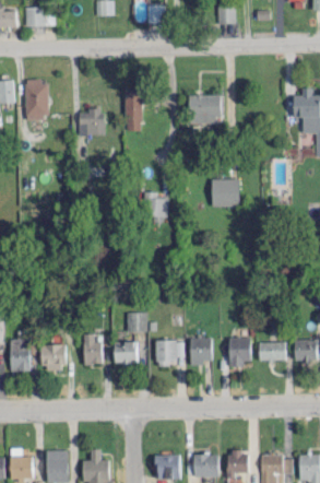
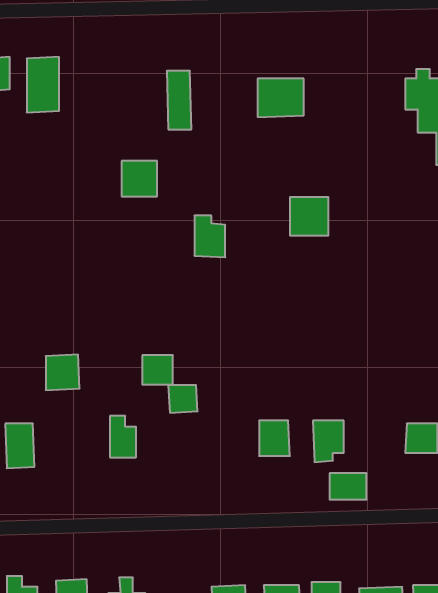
building: [79,110,104,136] -> [122,161,157,196]
building: [156,340,183,366] -> none
building: [115,342,137,363] -> [142,355,173,385]
building: [259,342,285,361] -> [330,473,367,500]
building: [42,344,66,369] -> [46,355,80,390]

